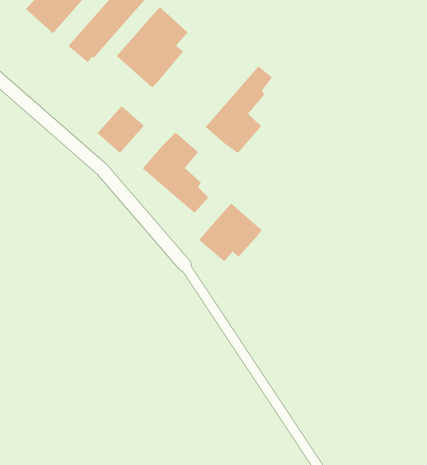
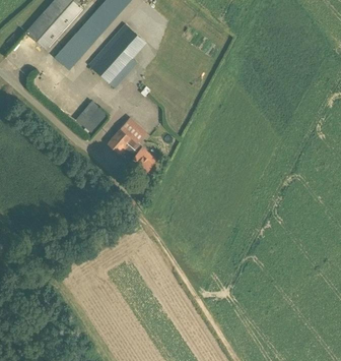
building: [205,66,273,154] -> none
building: [198,202,263,262] -> none

